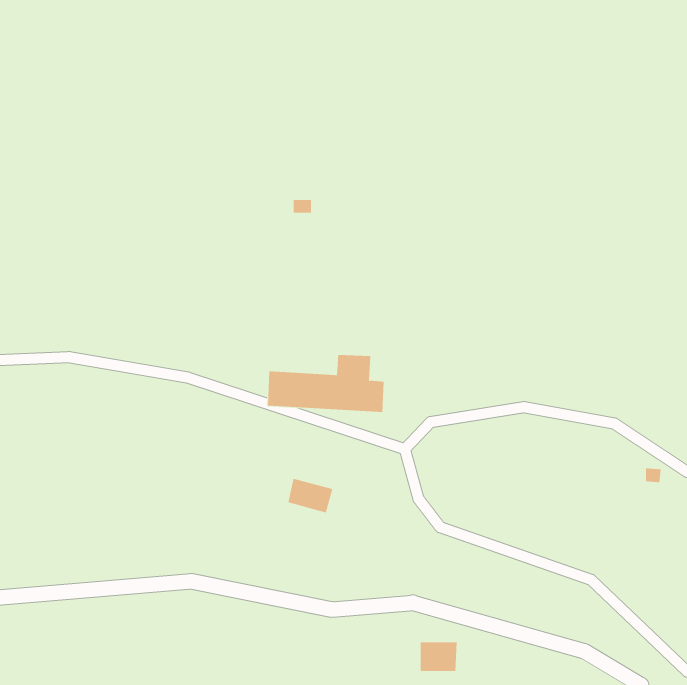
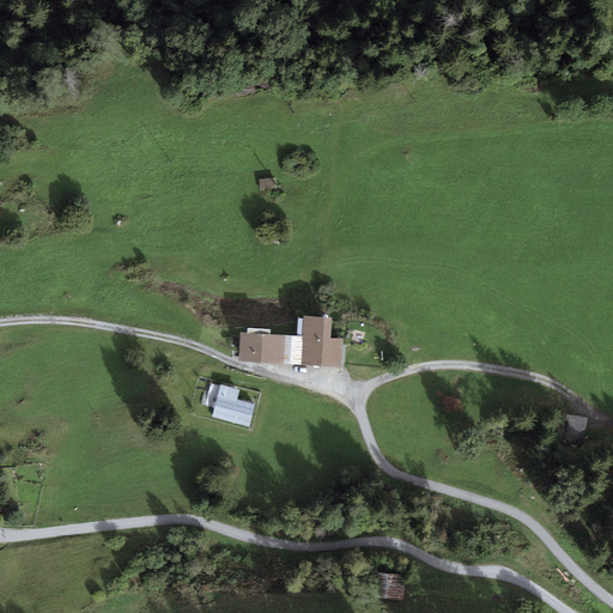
building: [287,478,333,513] -> [213,393,254,424]

